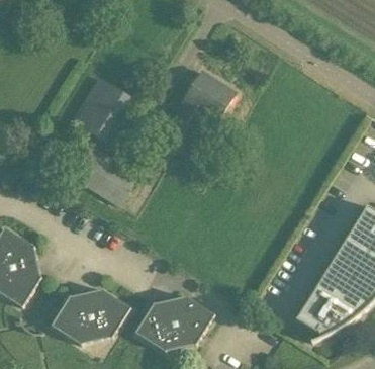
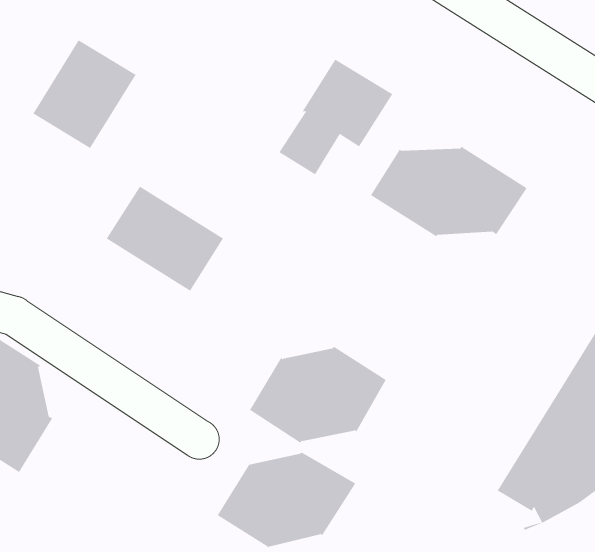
building: [73,76,132,139] -> [32,39,136,149]
building: none -> [370,146,528,238]
building: [52,288,130,344] -> [249,346,387,443]

